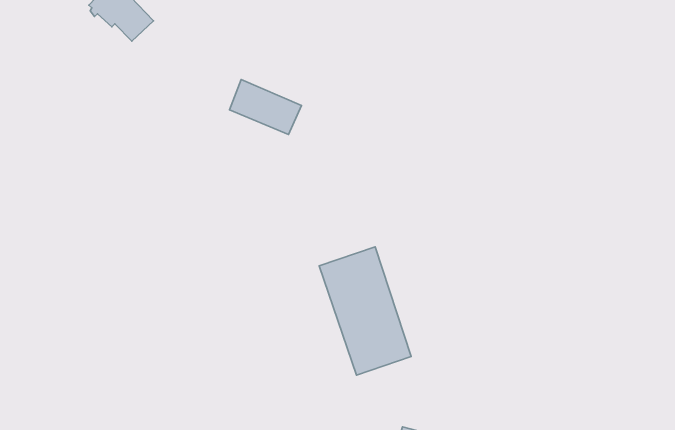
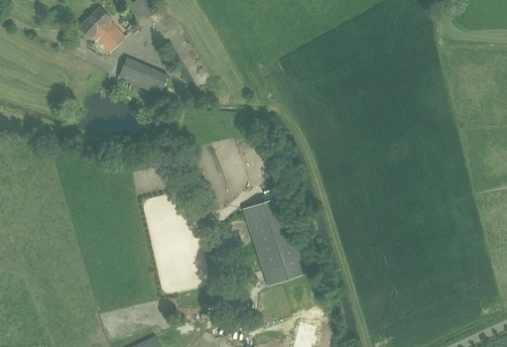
building: [230,80,302,134] -> [118,56,168,95]

